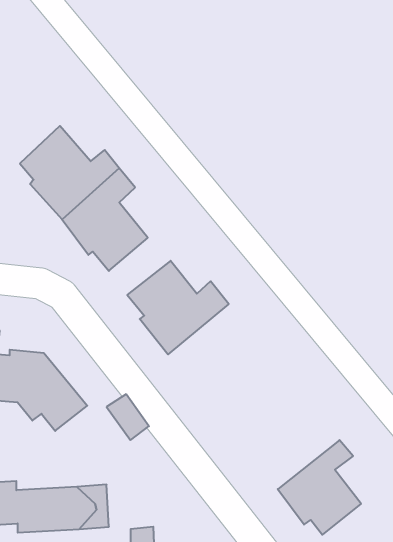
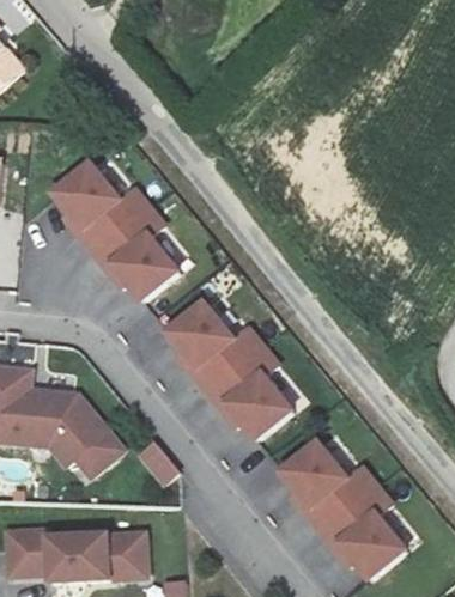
building: none -> [205,342,299,446]
building: none -> [273,438,384,536]

